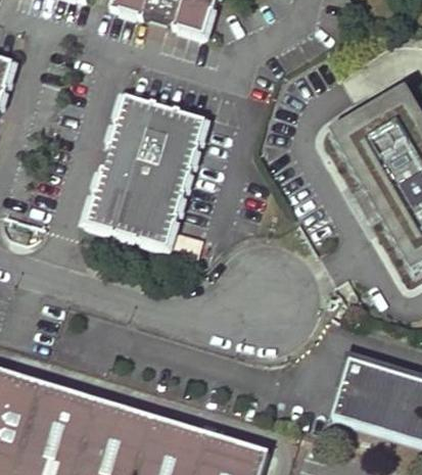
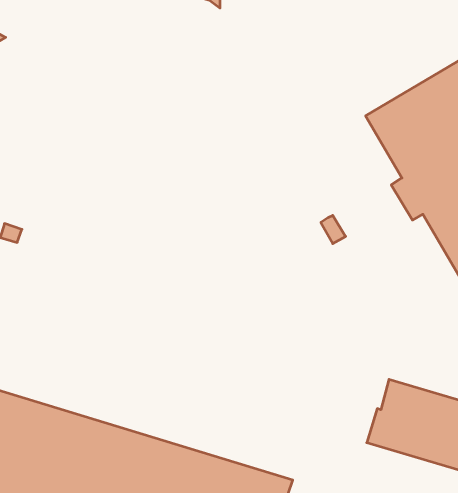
building: [84,92,206,244] -> none

